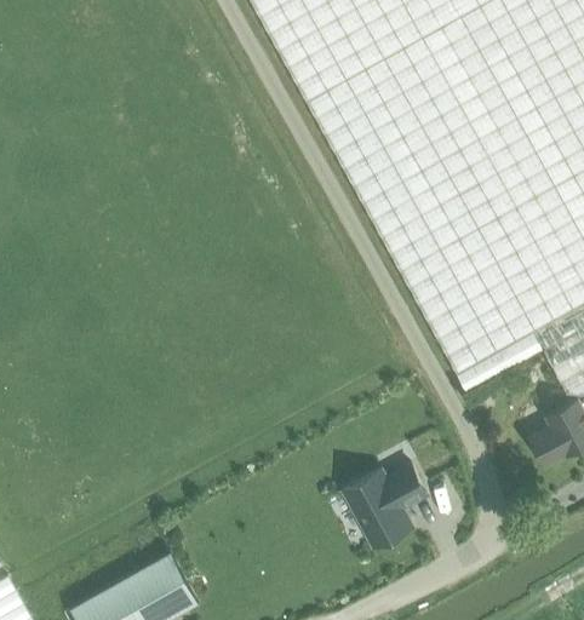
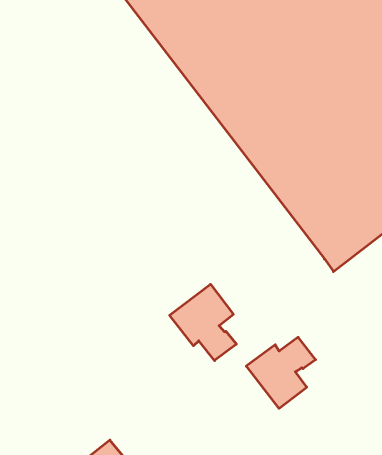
building: none -> [170,284,236,361]

